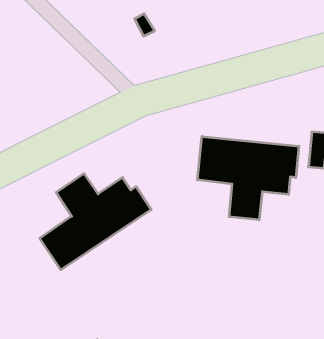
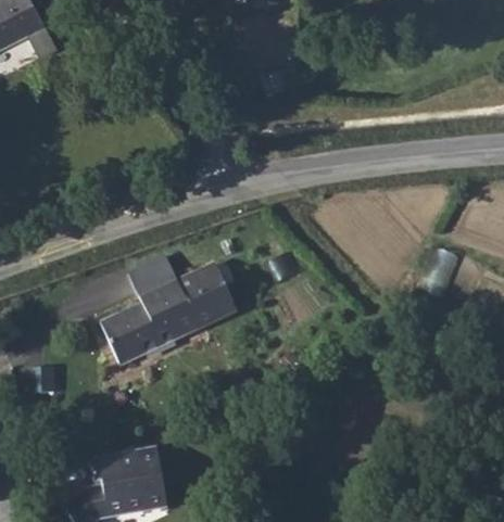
building: [197,136,299,220] -> none

